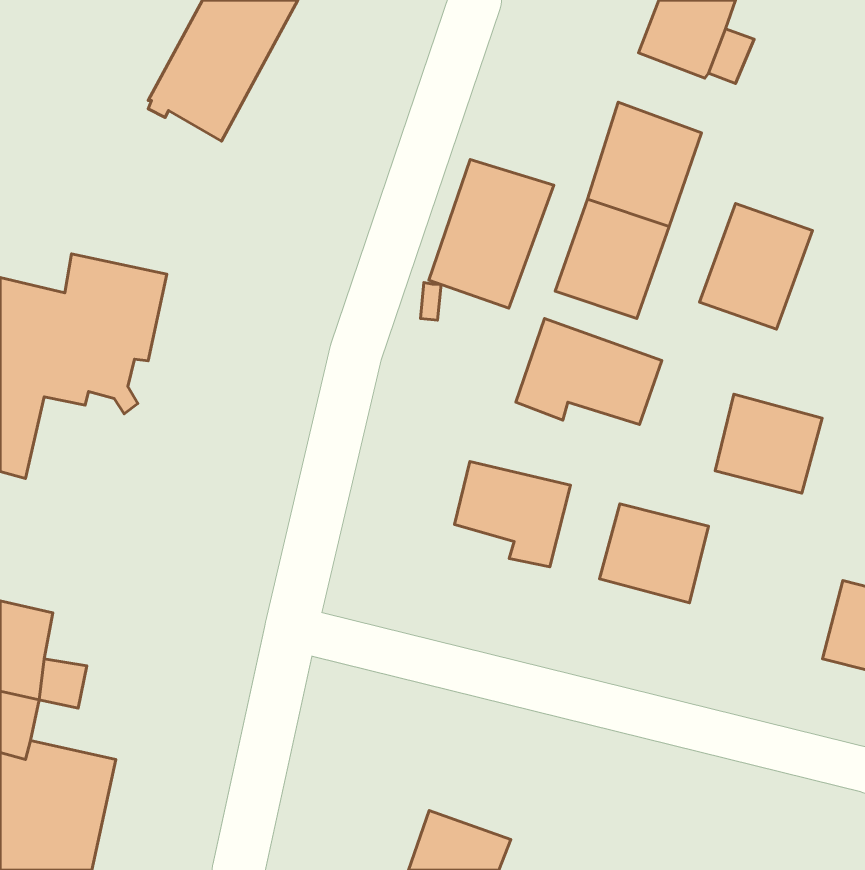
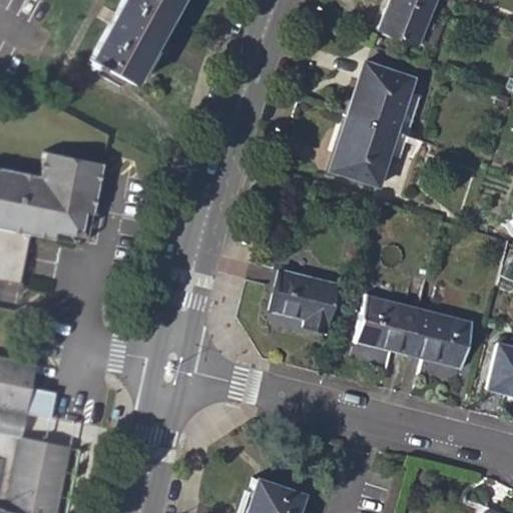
building: [429,159,554,308] -> none
building: [699,203,812,329] -> none
building: [516,319,662,425] -> none
building: [715,394,822,493] -> [409,310,472,368]

